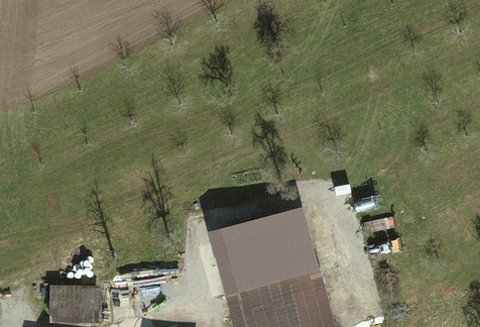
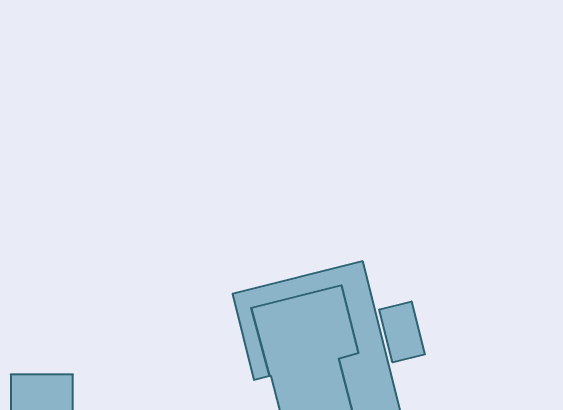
building: none -> [379,301,425,362]

